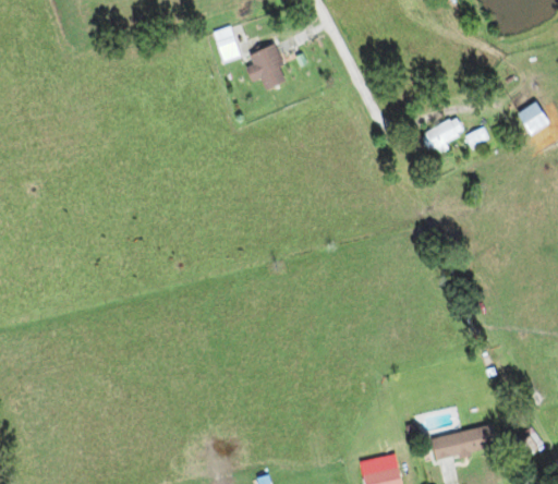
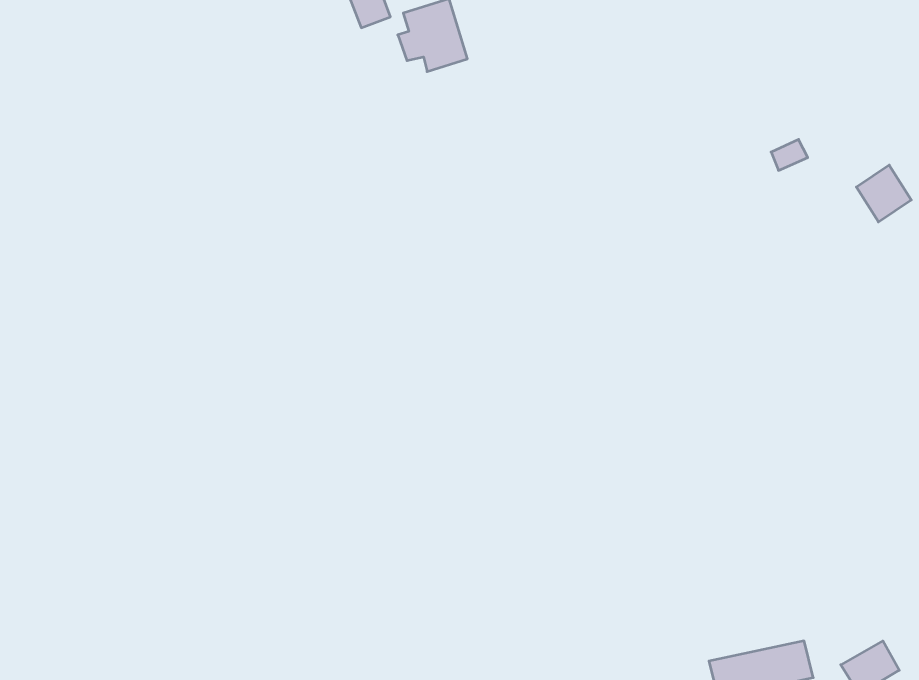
building: [515,101,548,135] -> [856,165,911,222]
building: [421,117,465,149] -> none

